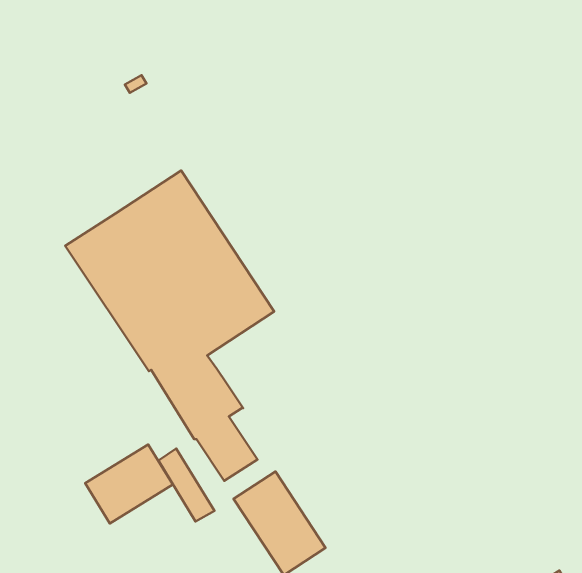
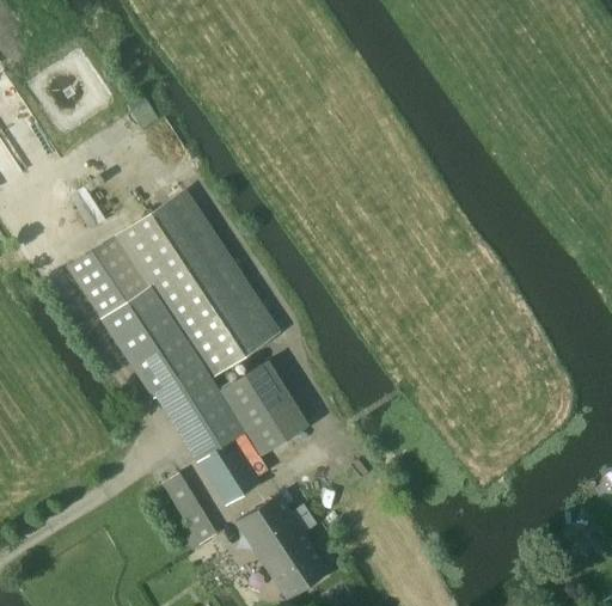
building: none -> [220,360,310,455]
building: [85,444,173,523] -> none

